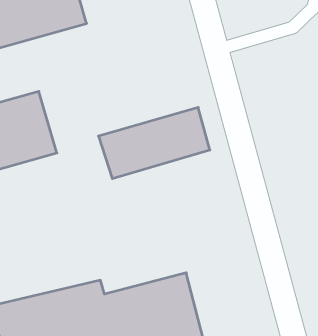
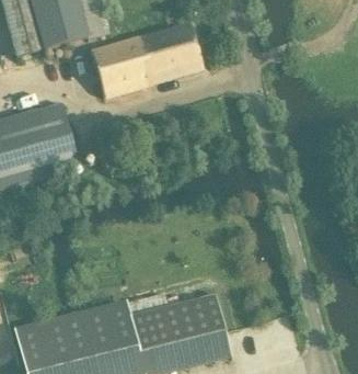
building: [98,107,210,179] -> [85,24,200,98]

